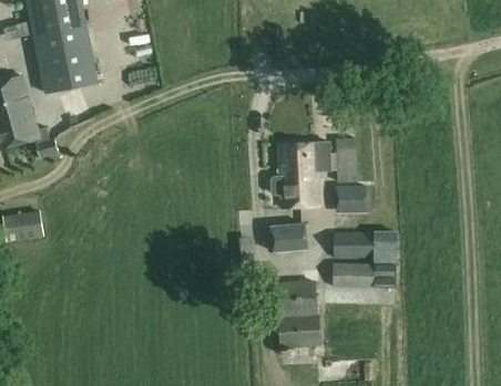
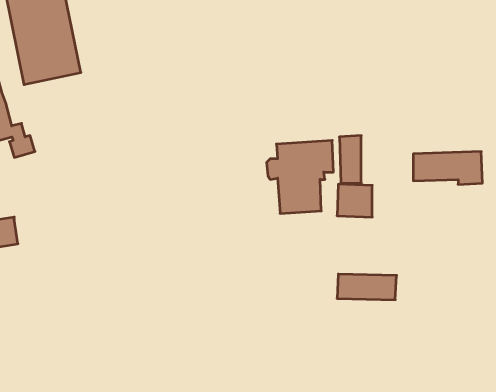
building: [272,225,307,252] -> none
building: [334,231,397,261] -> [413,152,482,184]
building: [276,271,319,347] -> none

